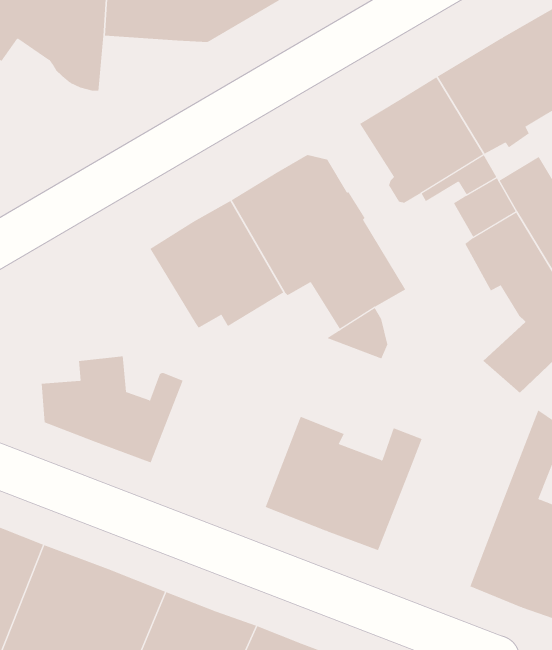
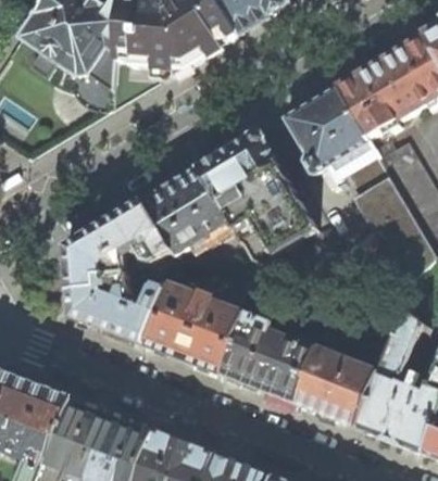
building: none -> [65,201,173,291]
building: none -> [143,283,242,374]
building: none -> [296,347,378,427]

